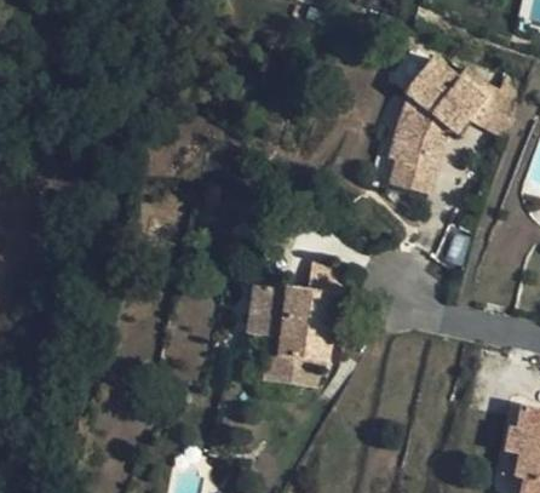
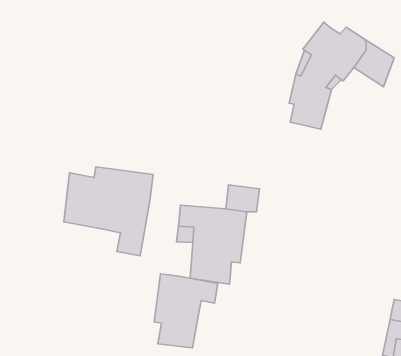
building: none -> [64,167,153,256]
building: none -> [154,274,218,348]

